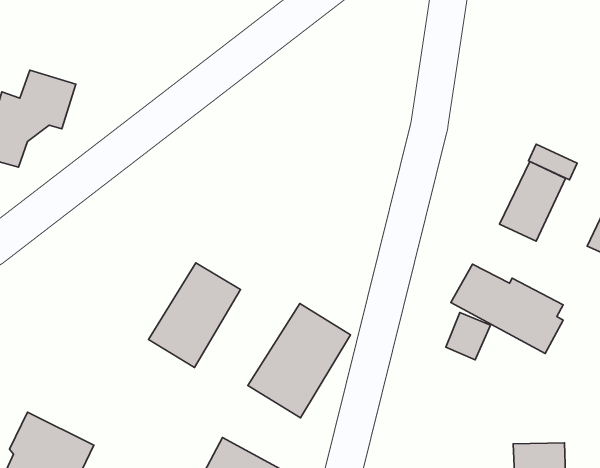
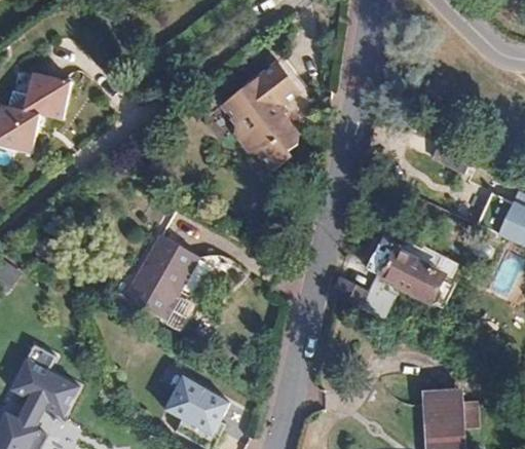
building: none -> [218,57,297,165]
building: [499,161,565,241] -> none
building: [248,303,351,418] -> none

